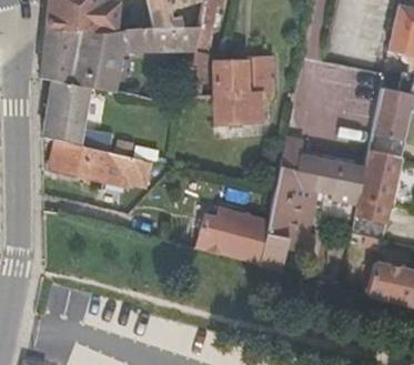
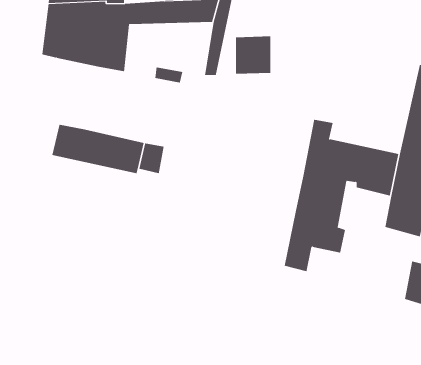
building: [216,59,275,123] -> none
building: [44,80,93,143] -> none
building: [196,209,270,265] -> none

